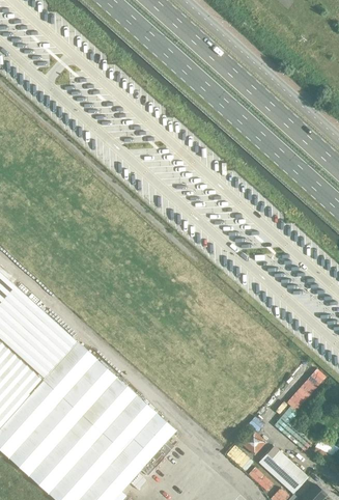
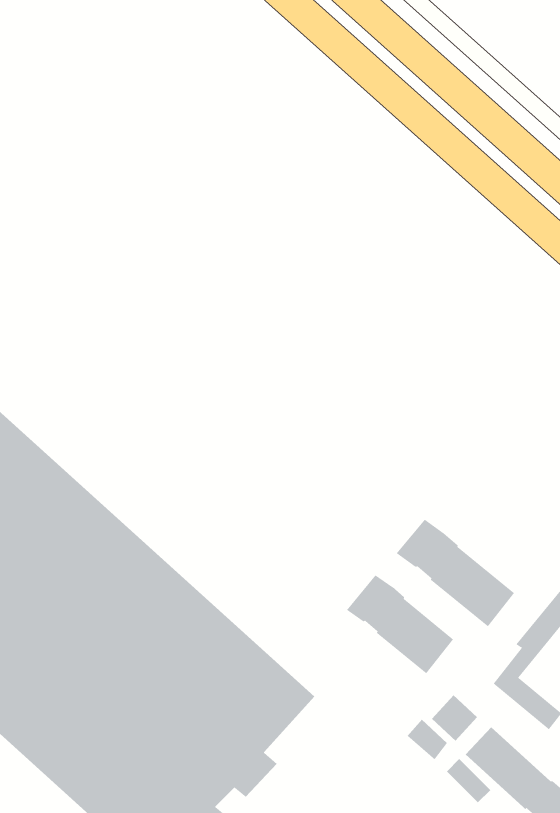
building: none -> [396,519,515,627]
building: none -> [346,575,454,674]

